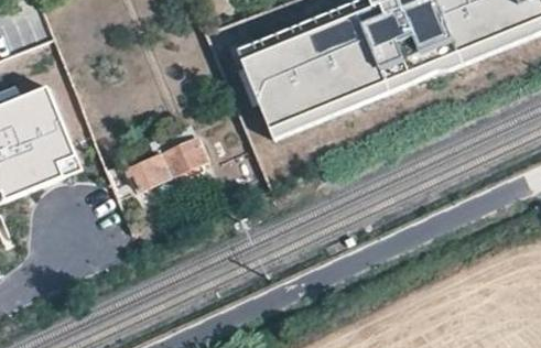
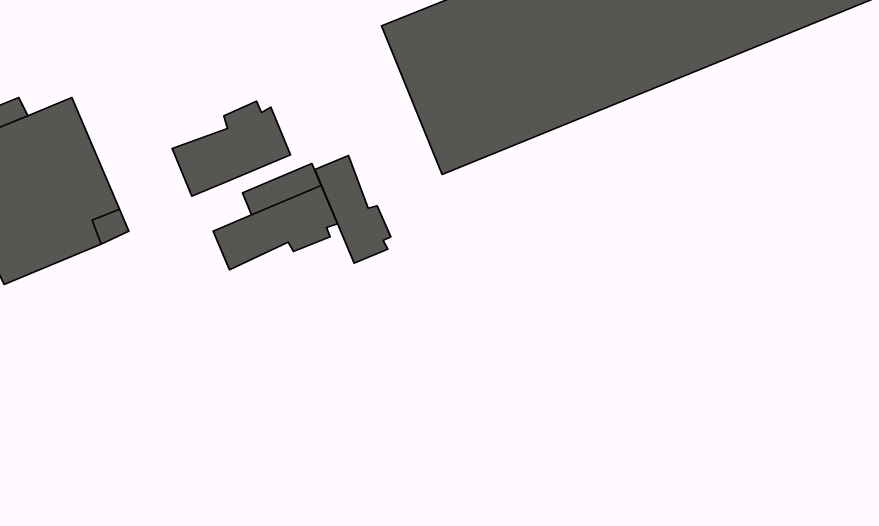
building: none -> [172,101,290,196]
building: none -> [315,156,391,263]

